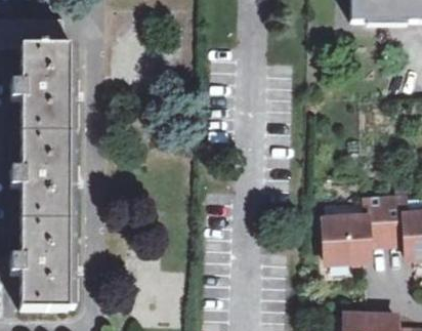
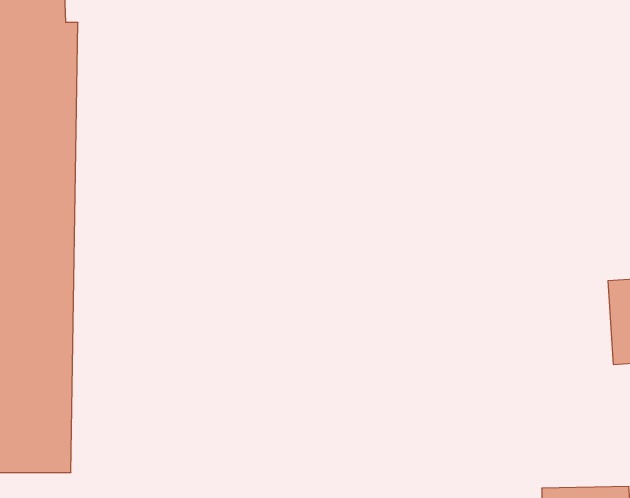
building: [324,197,386,265] -> none

